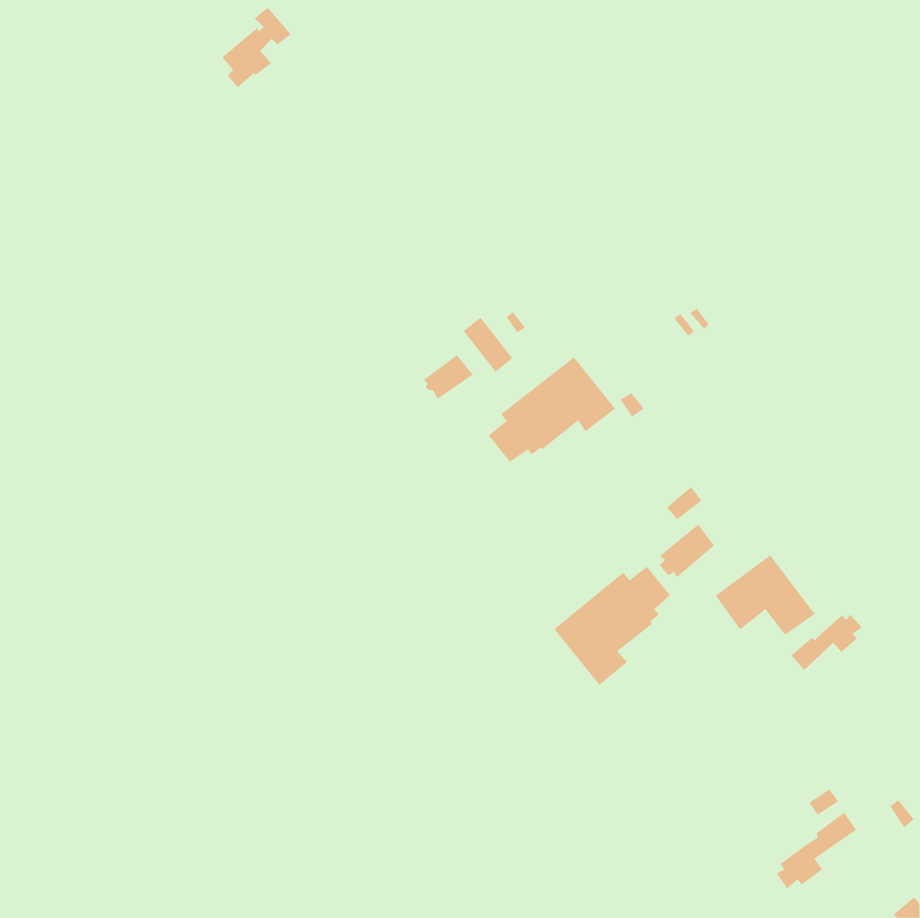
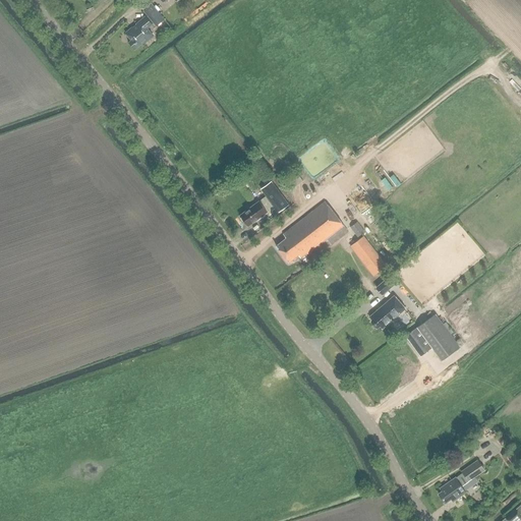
building: none -> [350,236,386,276]
building: [554,566,671,686] -> none
building: [791,614,862,671] -> none

